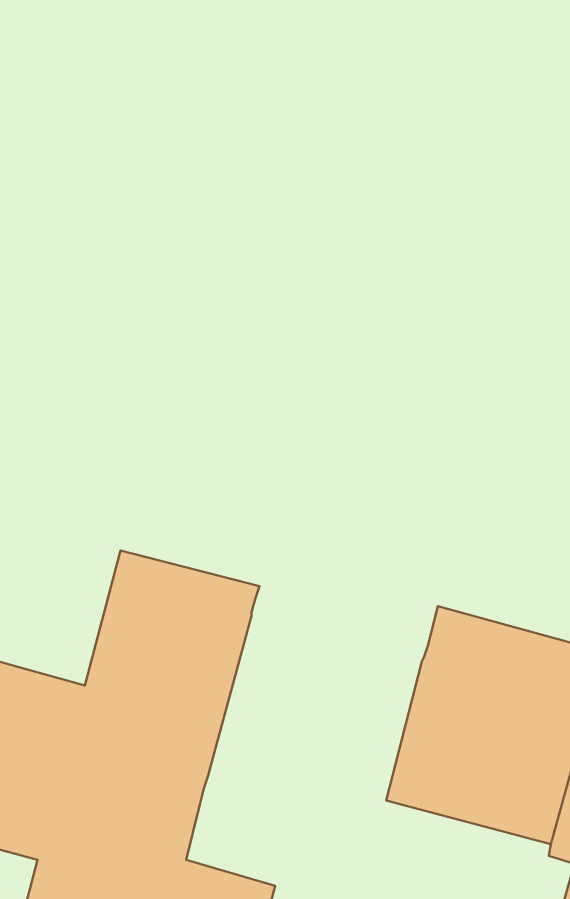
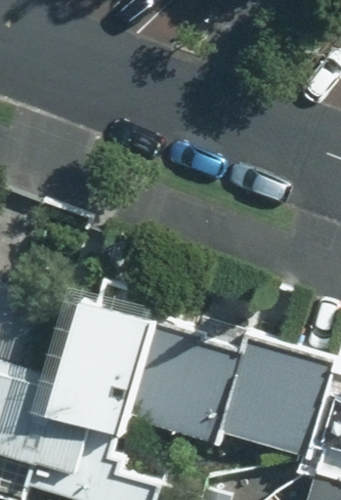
building: none -> [121,327,235,443]

